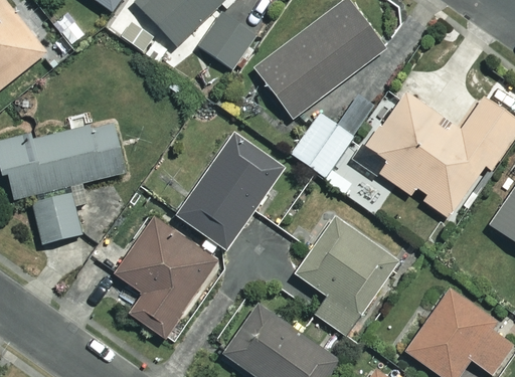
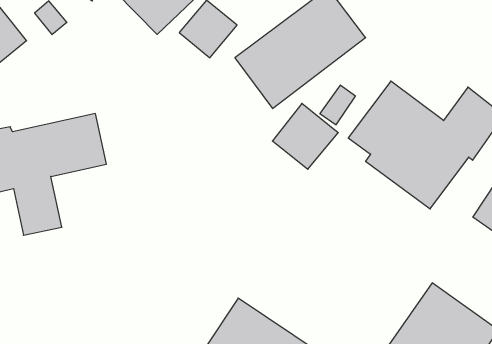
building: [177,134,284,249] -> none
building: [115,217,219,340] -> none
building: [295,219,398,336] -> none

